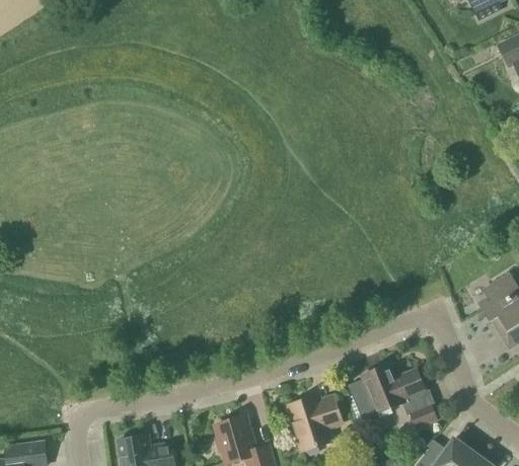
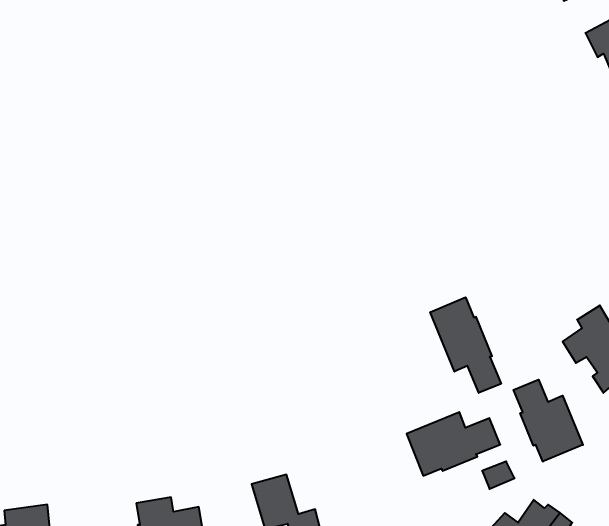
building: none -> [430,297,501,393]
building: none -> [513,380,583,462]
building: [288,396,342,451] -> none

